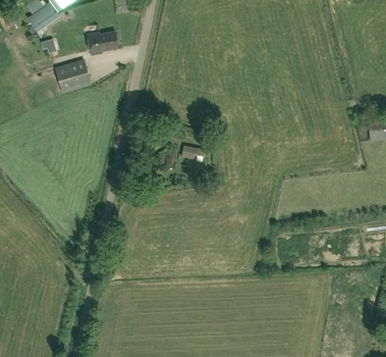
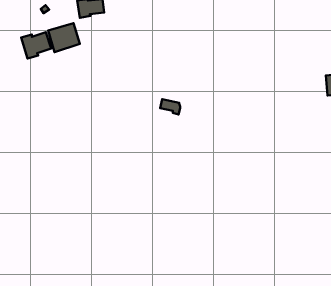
building: none -> [21,32,51,58]

